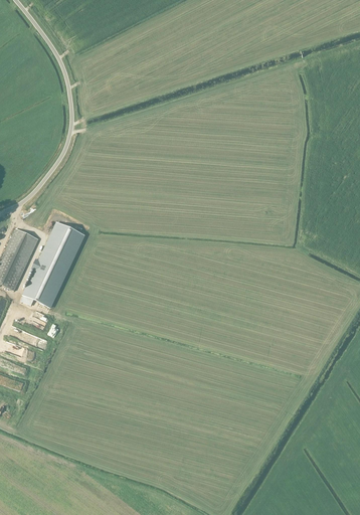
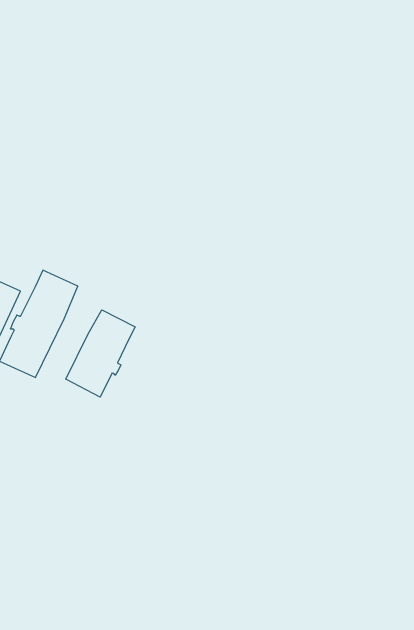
building: none -> [66,310,135,397]

